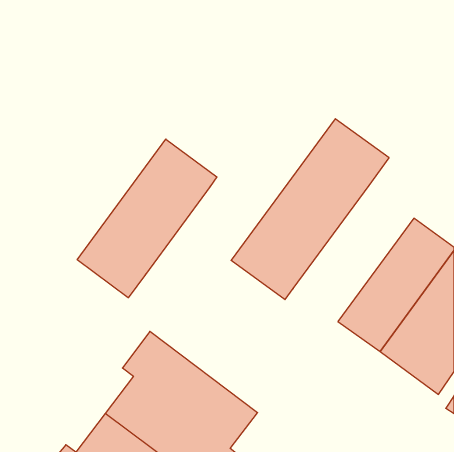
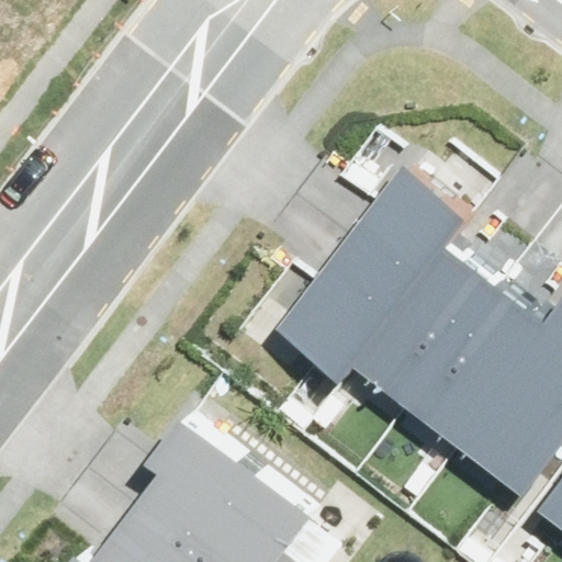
building: [77,139,217,298] -> none
building: none -> [352,240,497,404]

